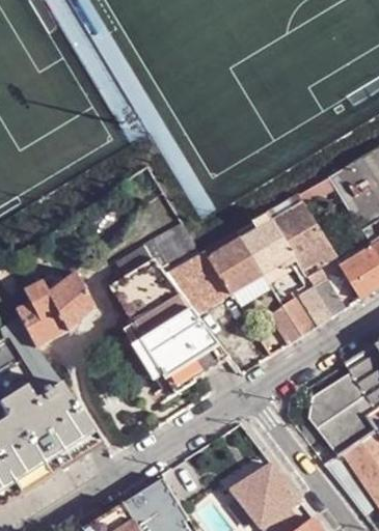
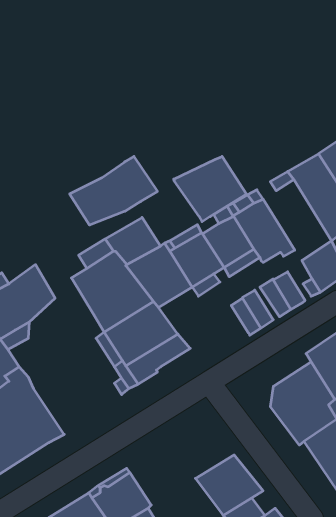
building: none -> [174,156,246,222]
building: none -> [70,156,157,225]

